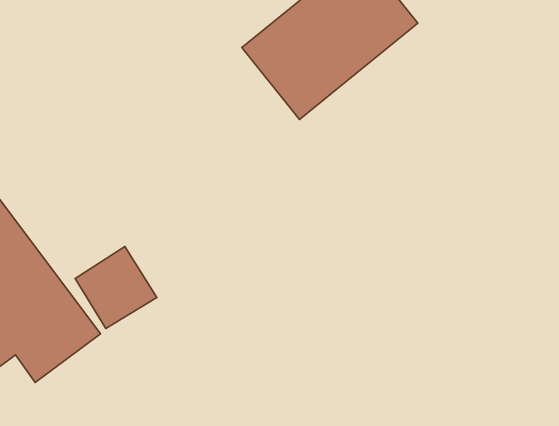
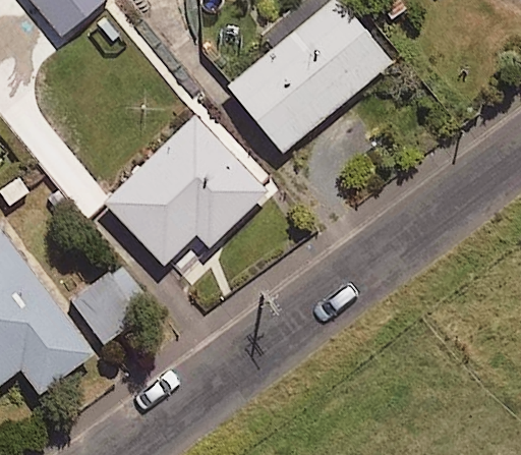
building: none -> [101,115,265,265]

